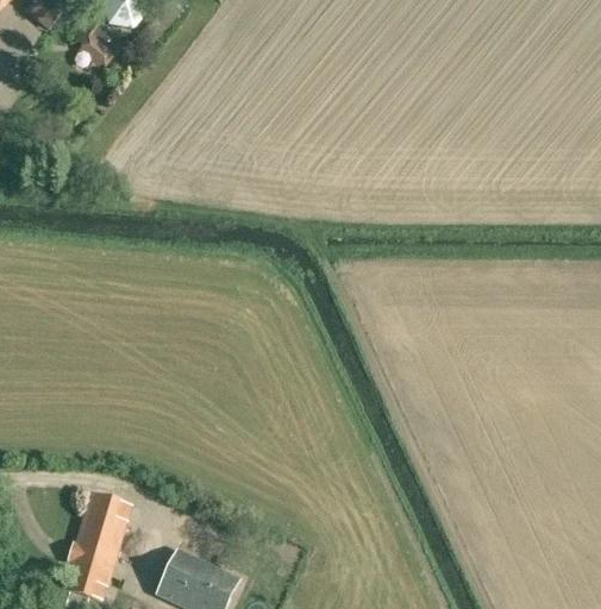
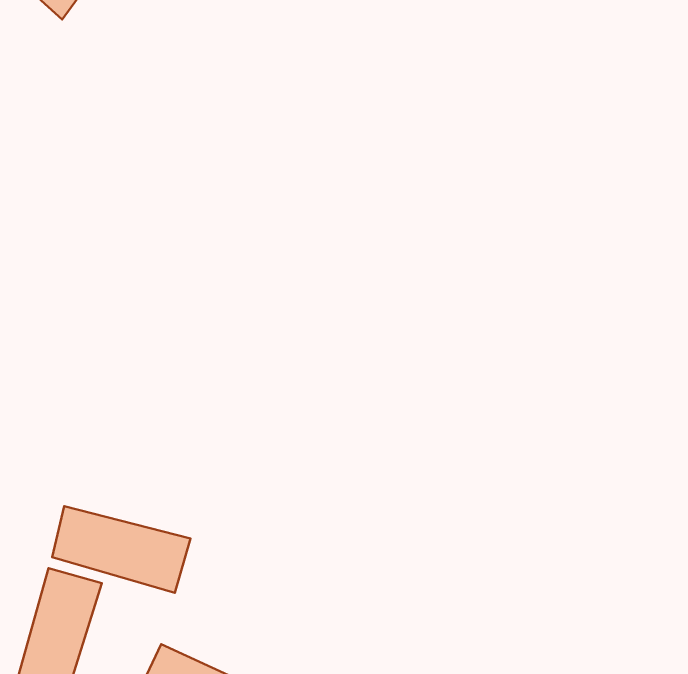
building: none -> [52,506,190,593]

